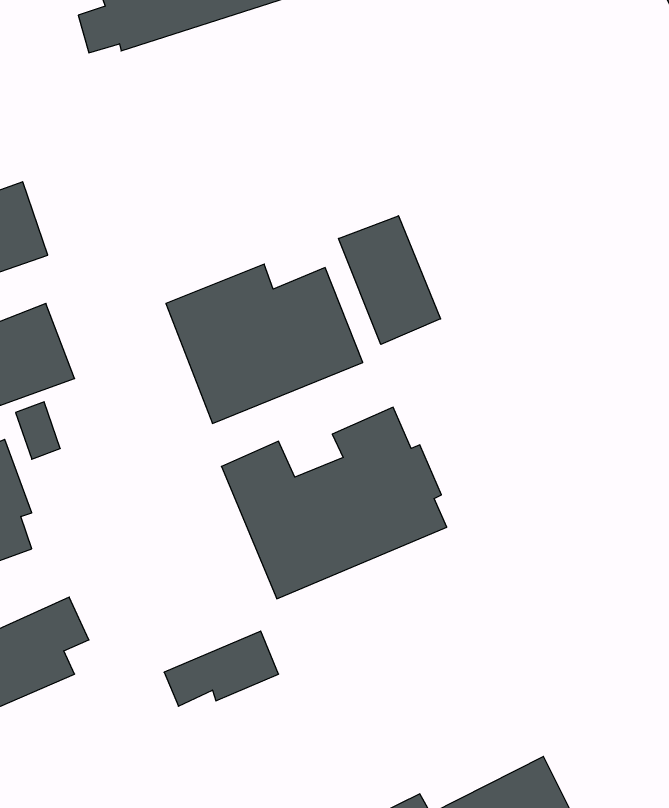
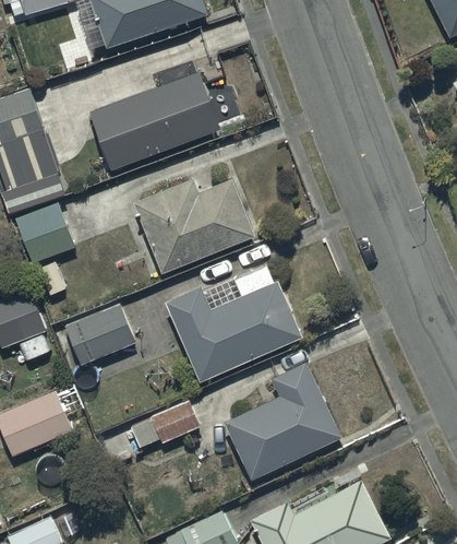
building: none -> [87,72,218,170]
building: [339,216,441,344] -> none
building: none -> [64,305,137,366]
building: none -> [223,360,342,481]

